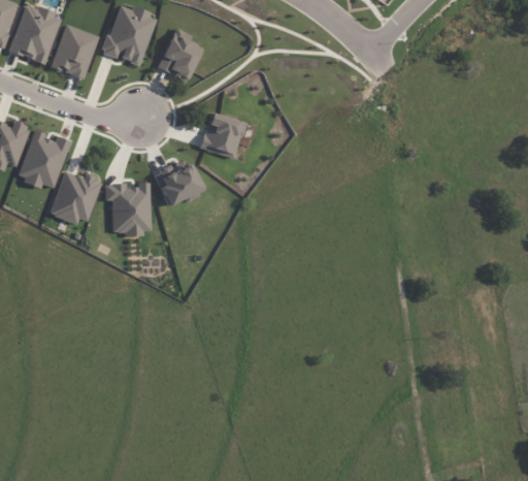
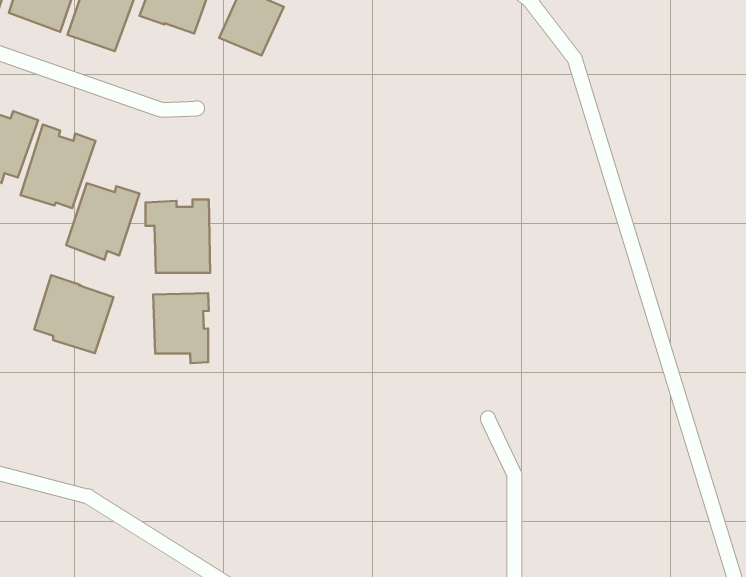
building: [199,114,244,159] -> none
building: [155,163,202,206] -> none
building: none -> [34,275,114,353]
building: none -> [153,293,209,363]

